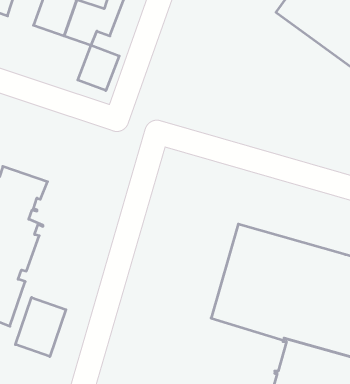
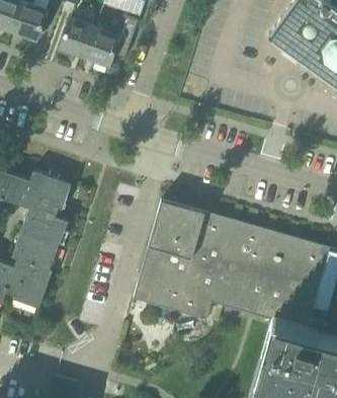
building: [78,45,119,91] -> none
building: none -> [134,200,236,320]
building: [15,297,66,357] -> none

